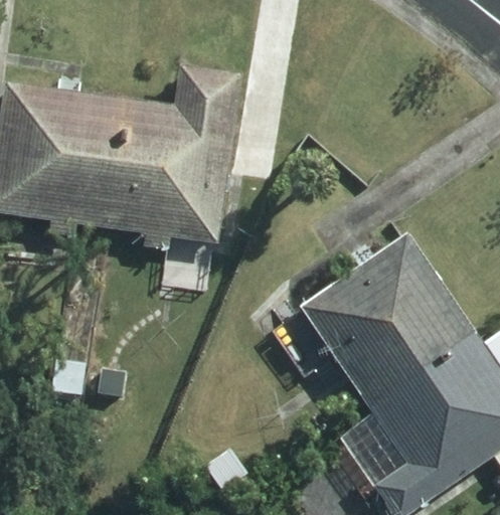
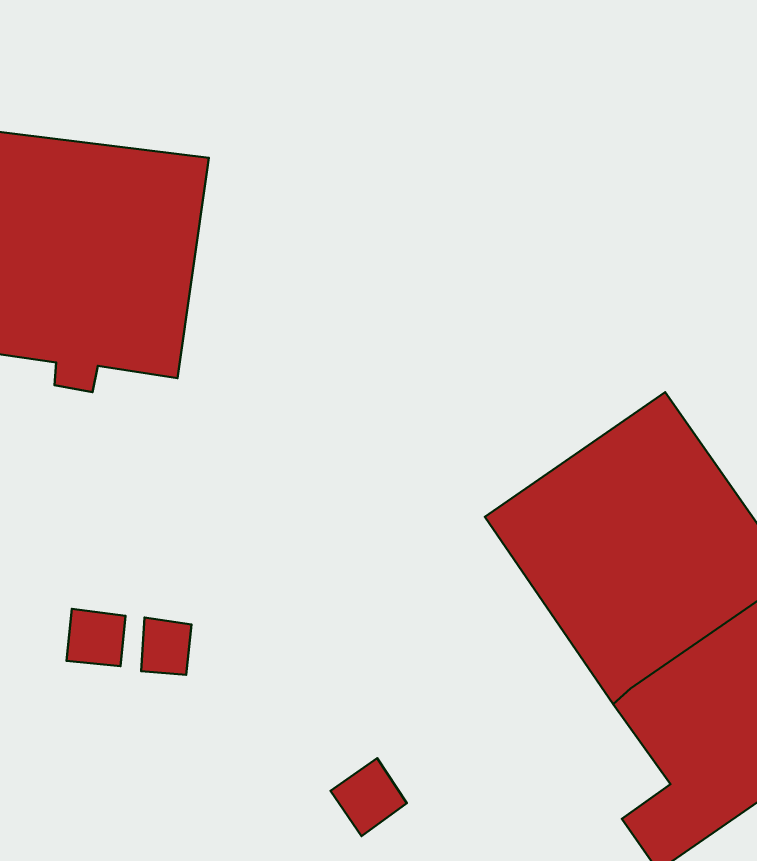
building: [122,68,238,247] -> none

